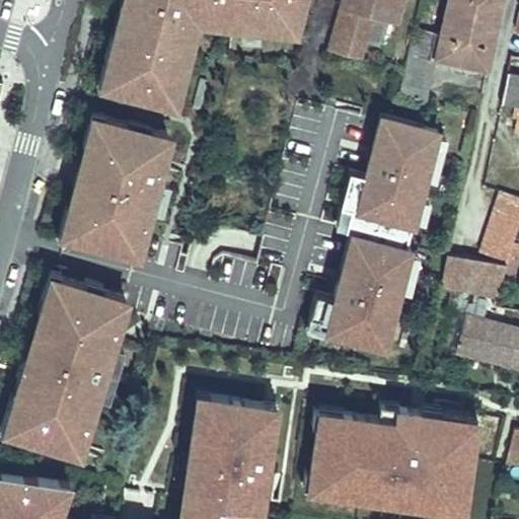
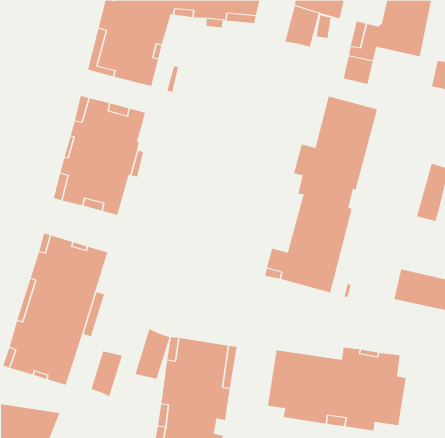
building: [443,260,507,303] -> none
building: none -> [135,328,170,380]
building: none -> [91,350,122,397]

